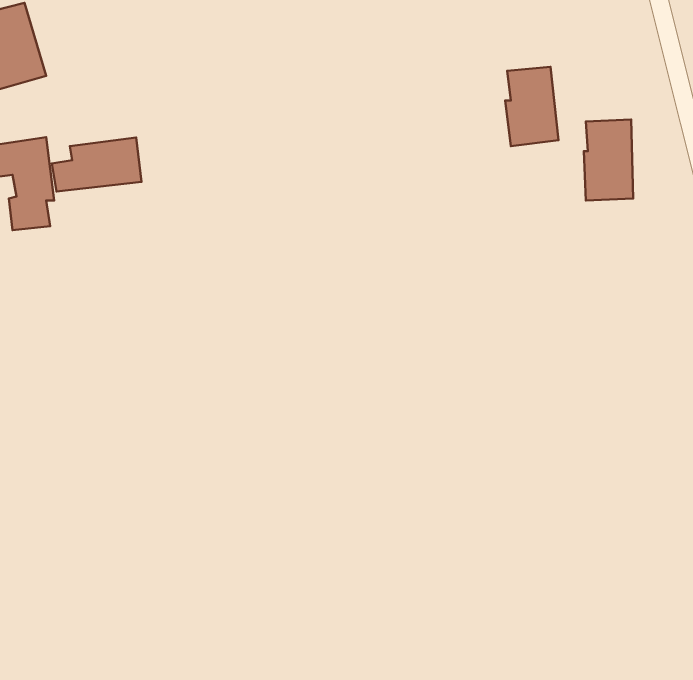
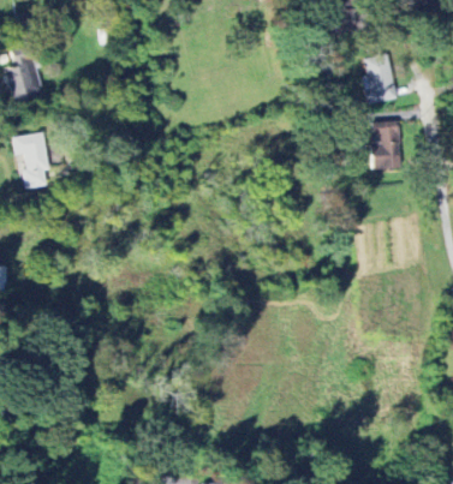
building: [505,67,558,146] -> [363,54,395,102]
building: [52,138,142,191] -> none

